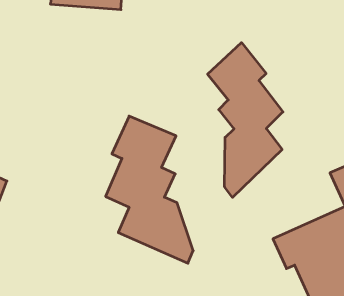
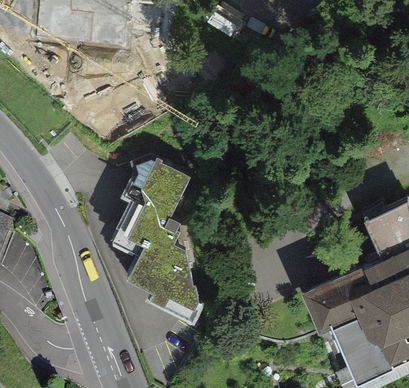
building: [208,43,283,197] -> none

